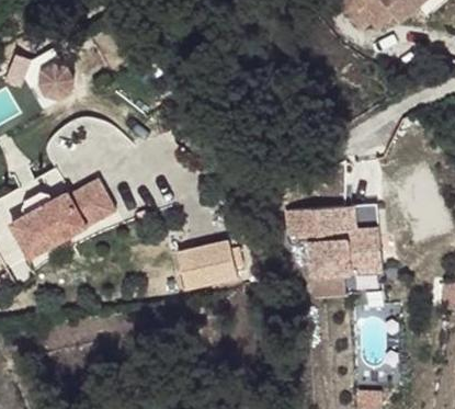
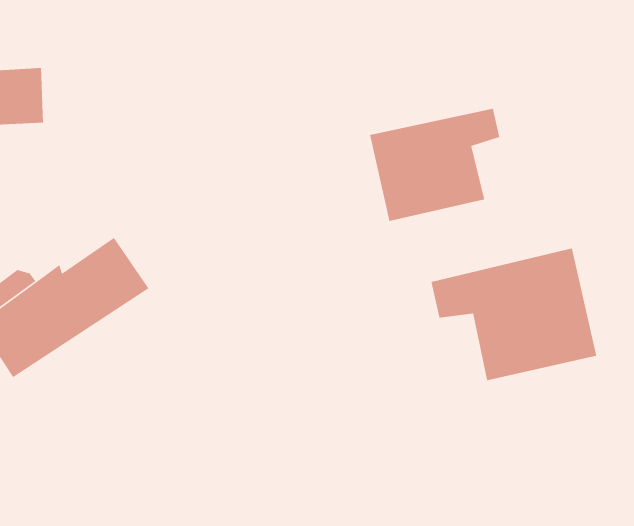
building: none -> [369,108,500,222]
building: [173,236,239,291] -> none

